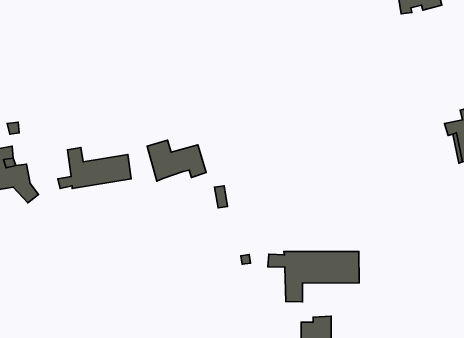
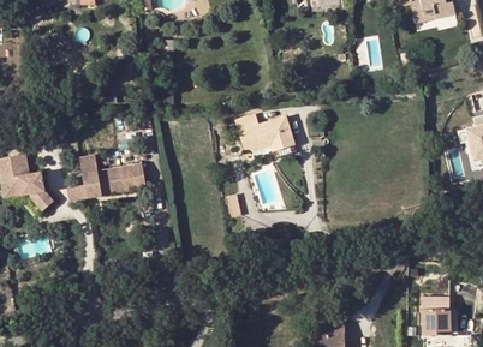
building: [147,140,206,181] -> [235,113,294,154]
building: [268,252,359,302] -> none
building: none -> [423,285,451,336]

